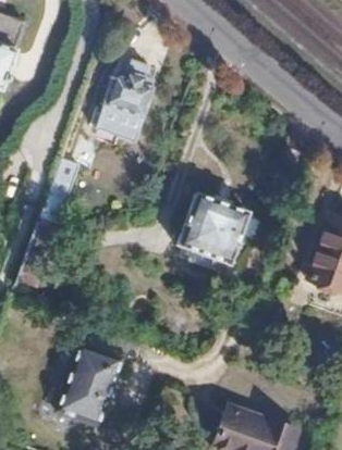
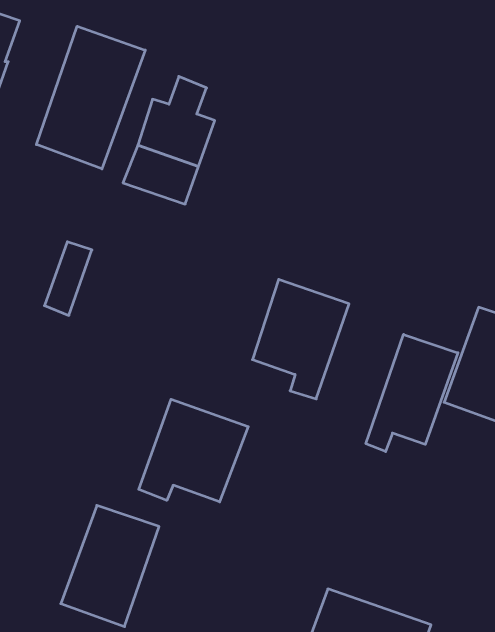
building: none -> [36,26,145,169]
building: none -> [366,334,458,452]
building: none -> [139,399,248,502]

